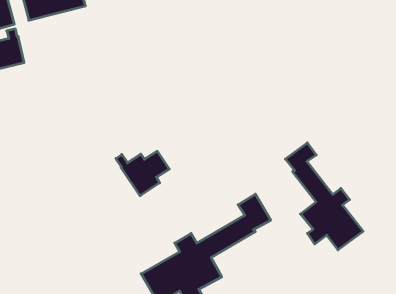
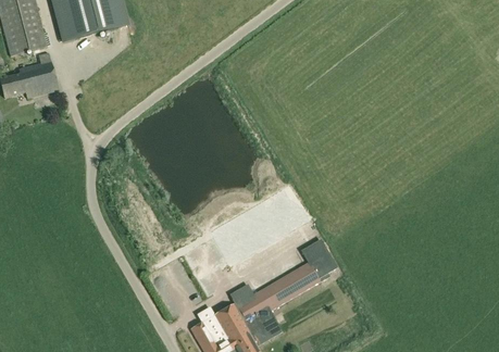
building: [285,143,363,250] -> none
building: [116,151,169,196] -> none

